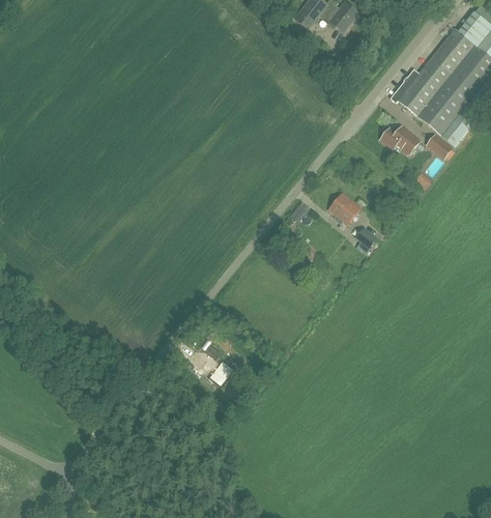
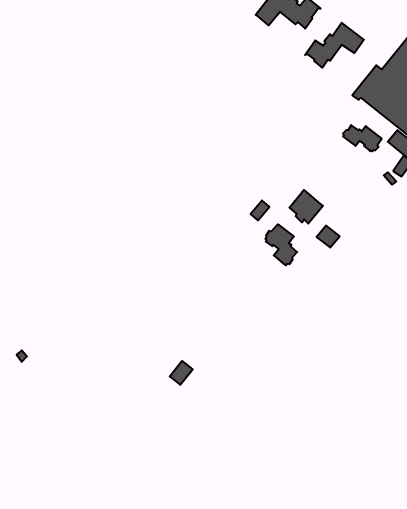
building: none -> [305,23,364,68]
building: none -> [265,224,297,265]

